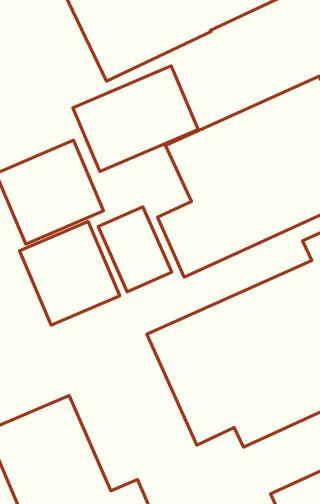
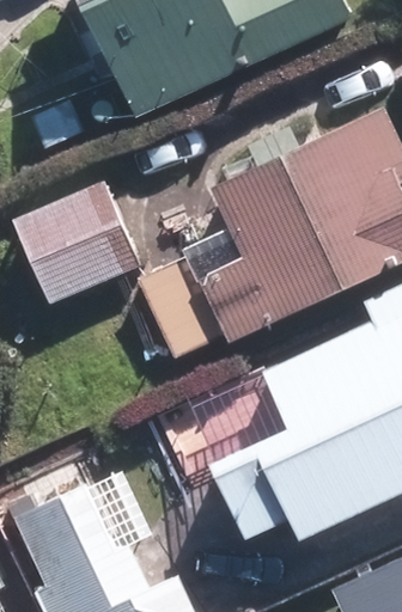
building: [73,66,198,171] -> none
building: [20,221,120,325] -> none

